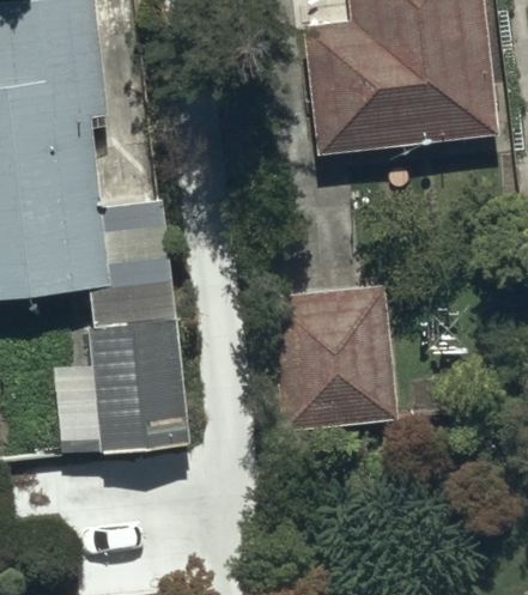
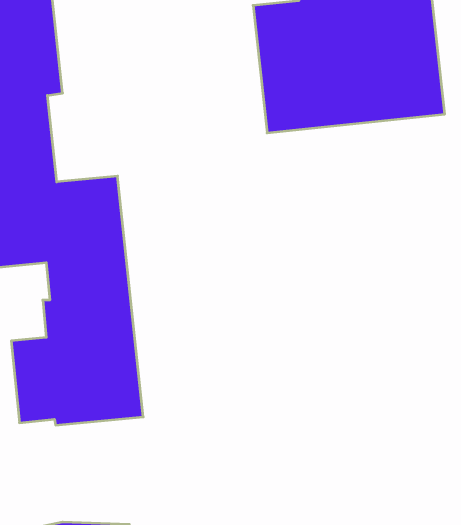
building: [269,285,399,432] -> none

